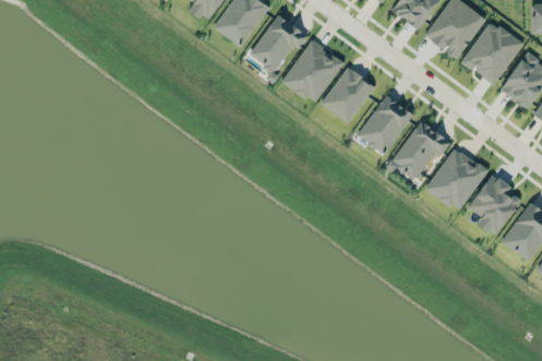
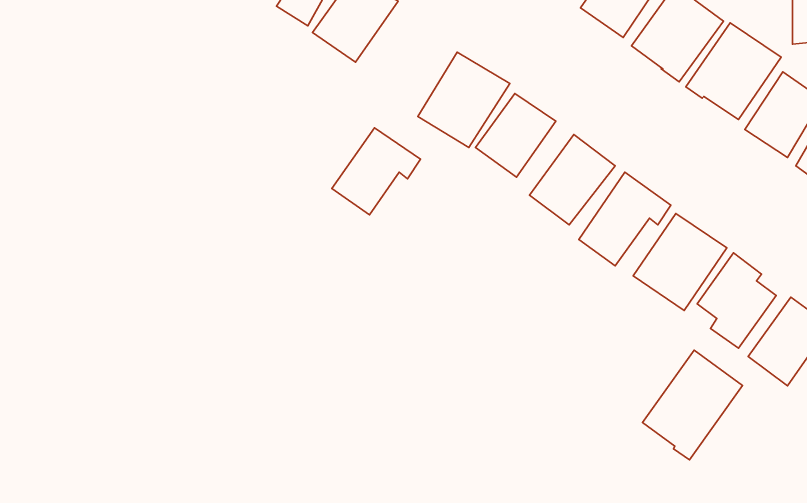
building: [249,14,308,72] -> [332,128,421,215]
building: none -> [642,350,742,460]

